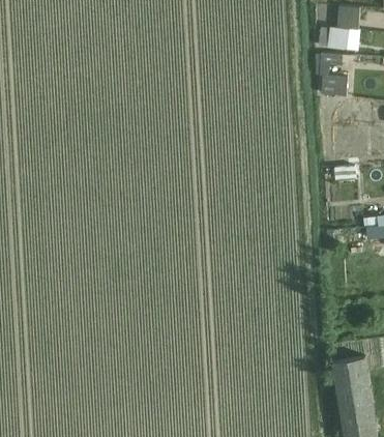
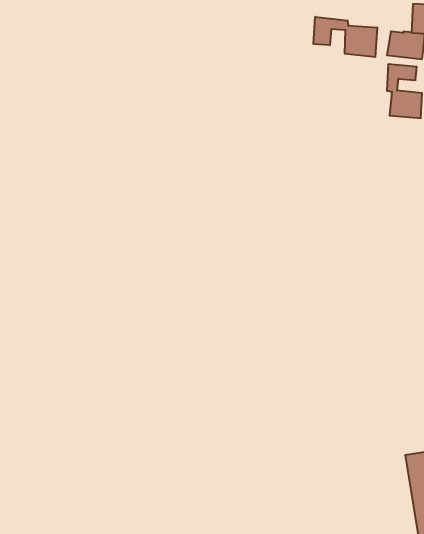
building: none -> [314,17,377,57]

